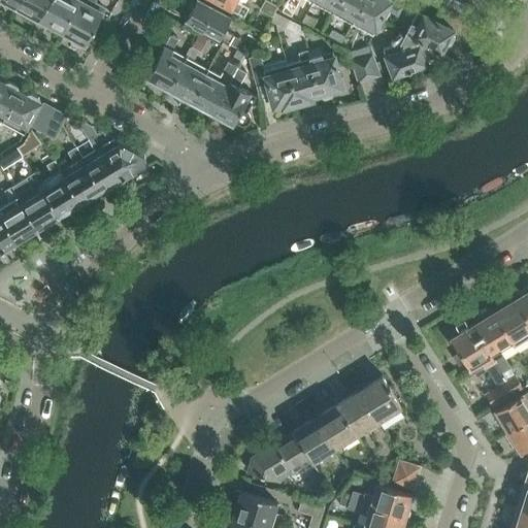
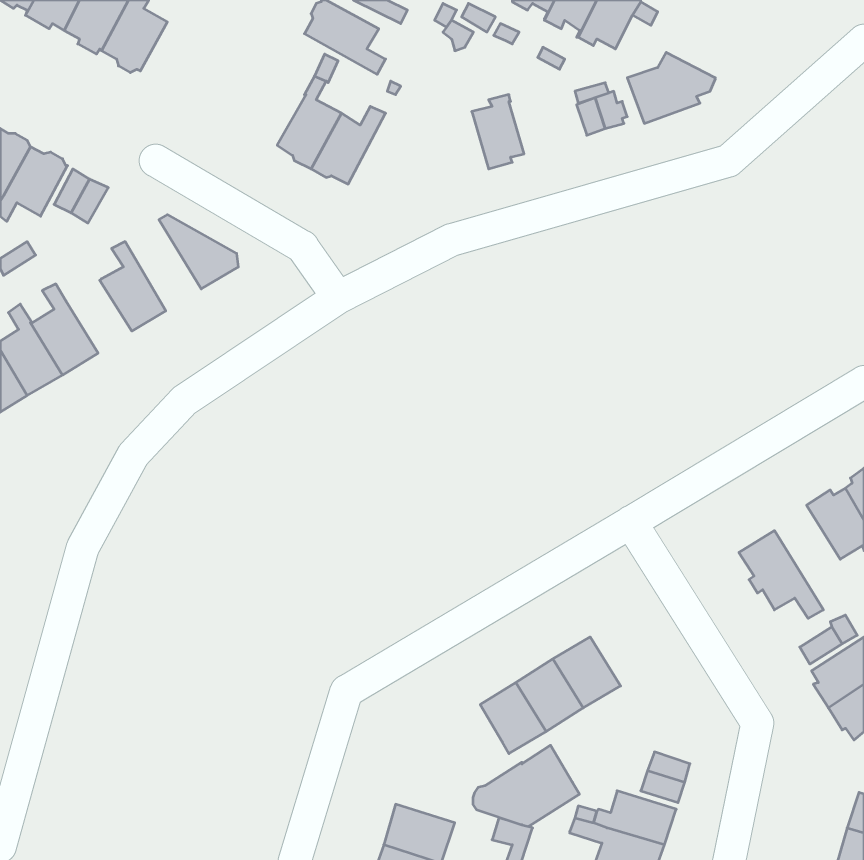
building: [406,13,455,53] -> none
building: [147,36,187,91] -> none
building: [310,53,342,98] -> none
building: [263,69,298,109] -> none
building: [212,71,256,127] -> none
building: [80,125,123,192] -> none
building: [40,162,80,218] -> none
building: [472,310,513,374] -> none
building: [360,377,401,421] -> none
building: [245,432,310,482] -> [473,745,579,826]

